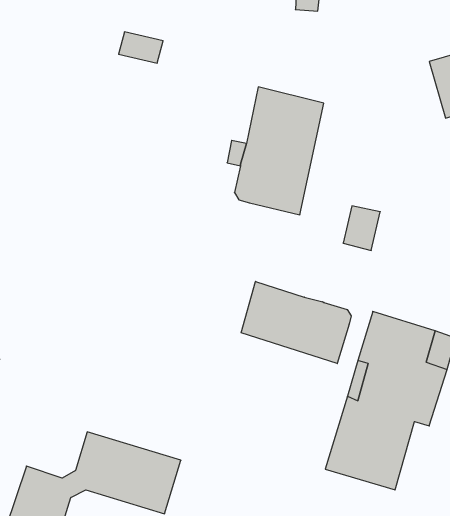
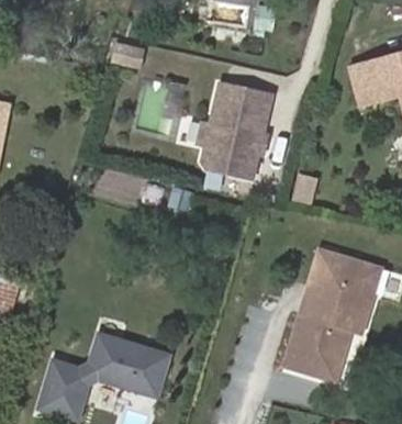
building: [241,281,351,364] -> none

